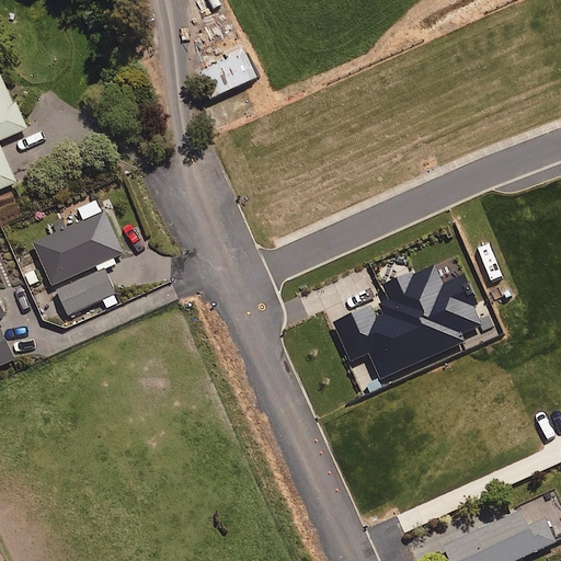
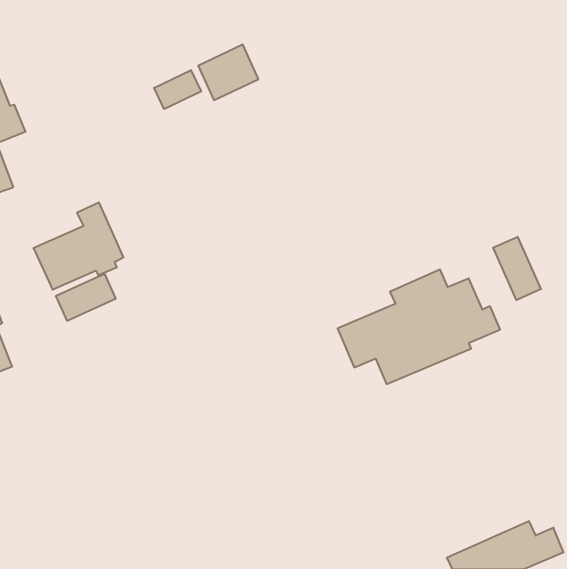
building: none -> [154,70,201,109]
building: none -> [493,237,541,300]

